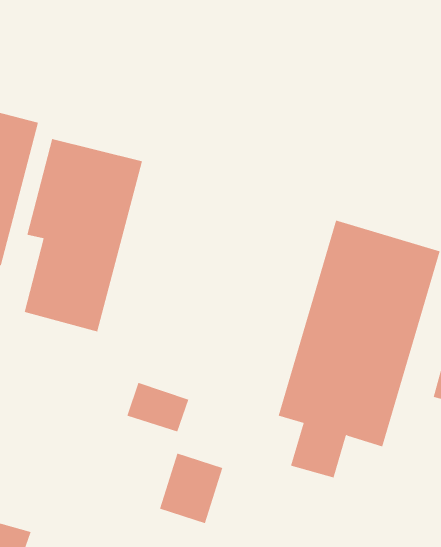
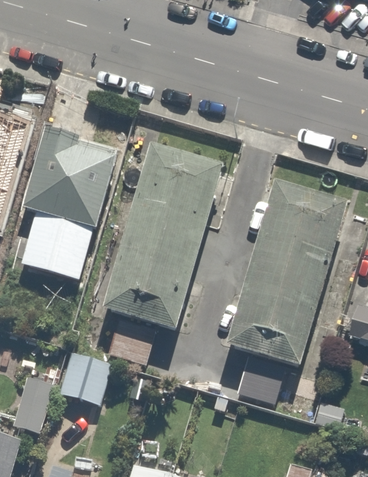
building: none -> [106,151,217,334]
building: none -> [11,368,55,435]
building: [159,453,223,524] -> [61,352,112,409]

